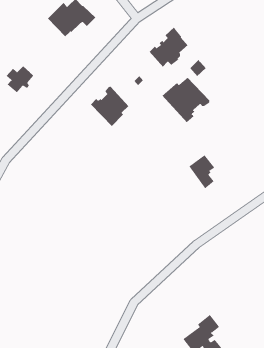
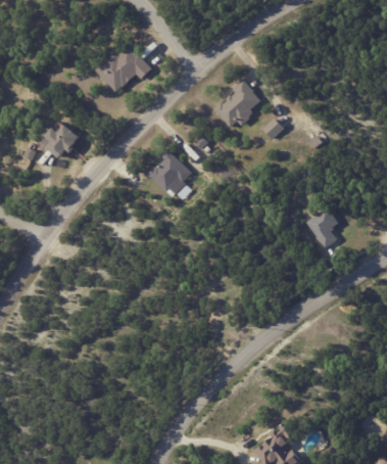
building: [162,77,210,123] -> none
building: [189,155,215,189] -> [306,208,338,249]

